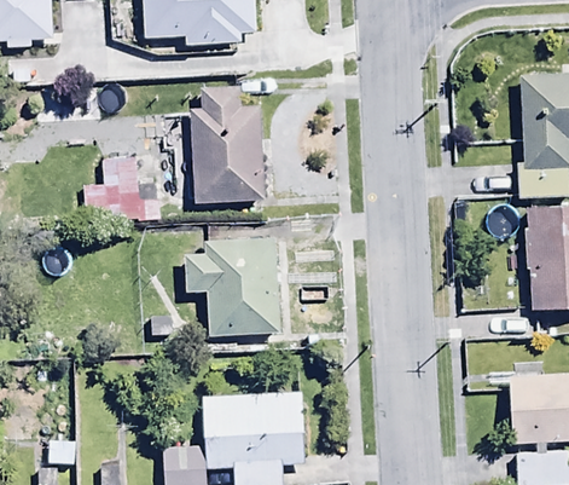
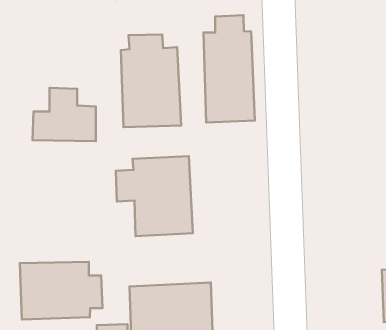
building: none -> [203,15,255,122]
building: none -> [20,262,102,319]

